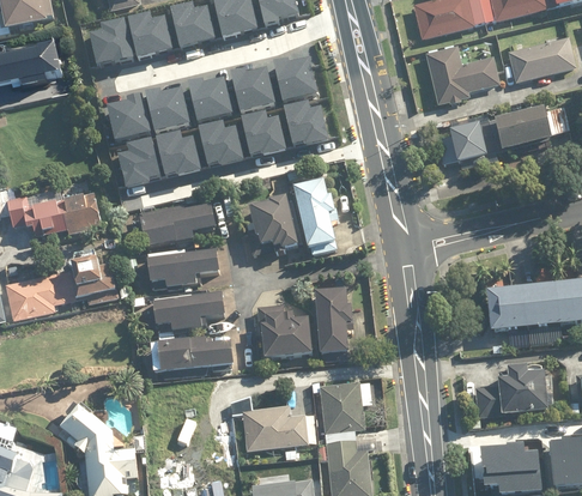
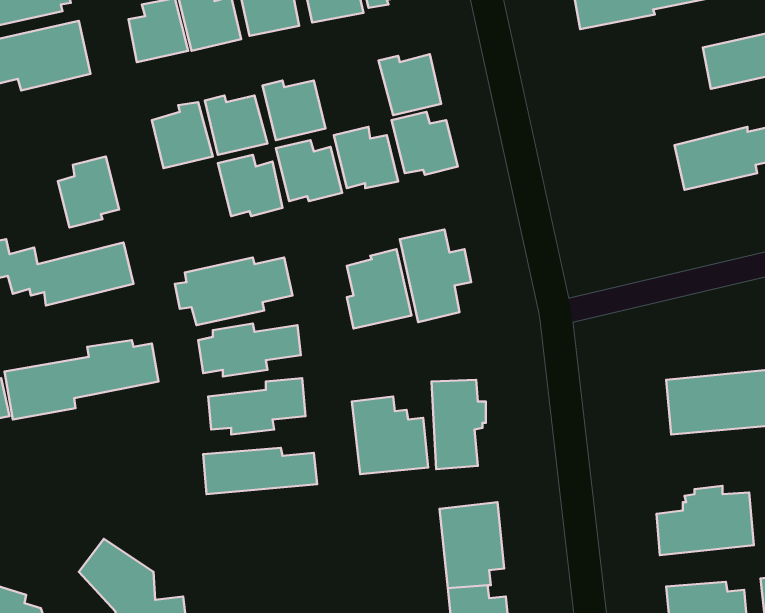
building: [424,47,501,105] -> none
building: [234,65,279,109] -> none
building: [438,111,486,165] -> none
building: [121,134,165,186] -> [58,156,119,228]
building: [242,405,307,450] -> none

